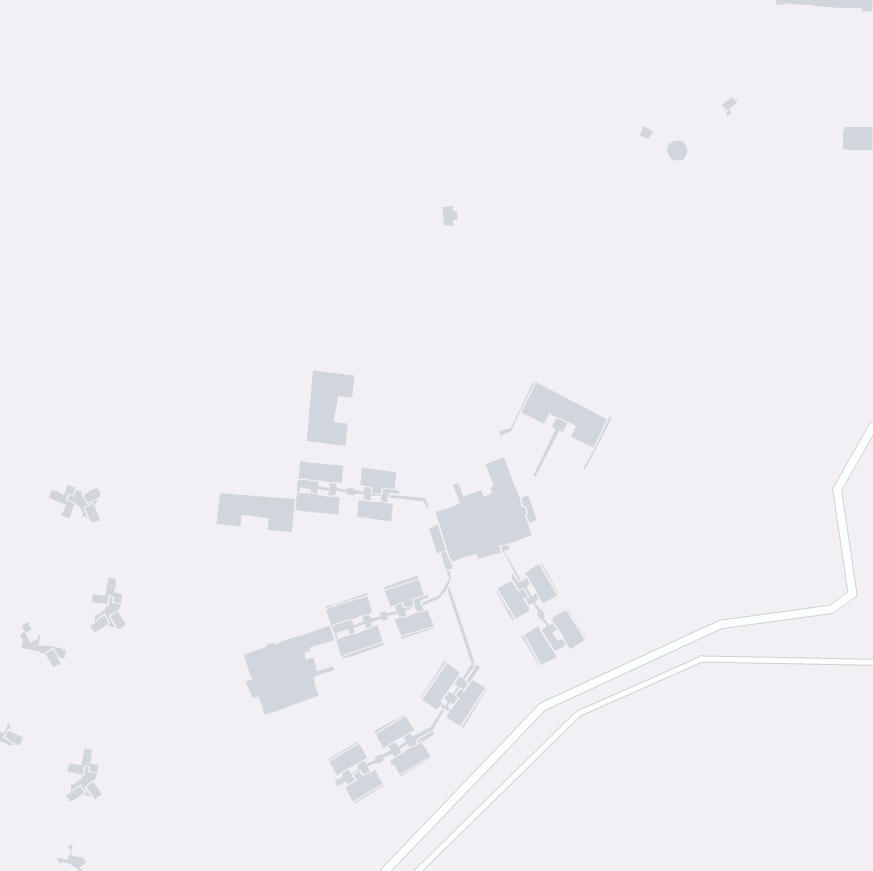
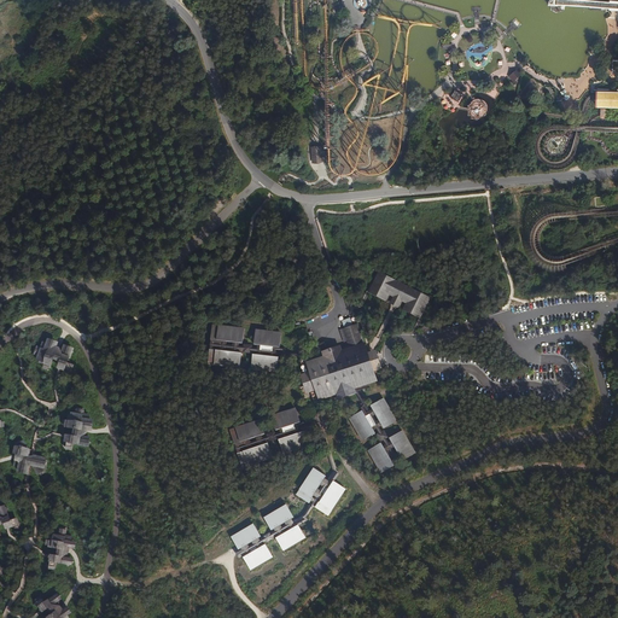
building: [306,370,355,447] -> none
building: [216,493,296,533] -> none
building: [243,625,335,715] -> none

